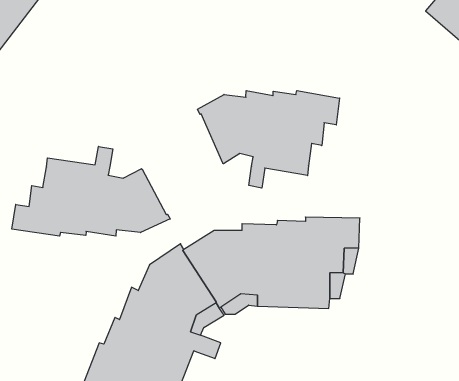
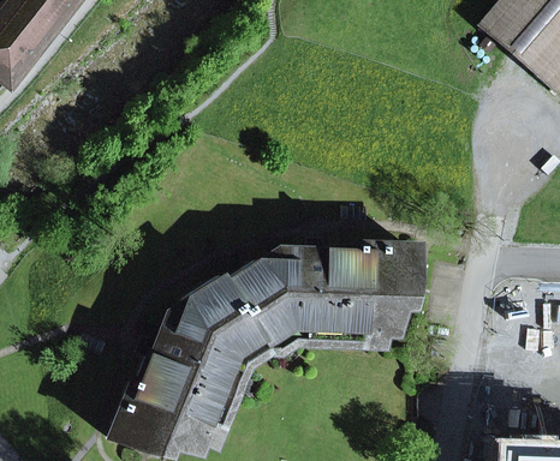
building: [197,91,340,188] -> none
building: [12,146,170,236] -> none

